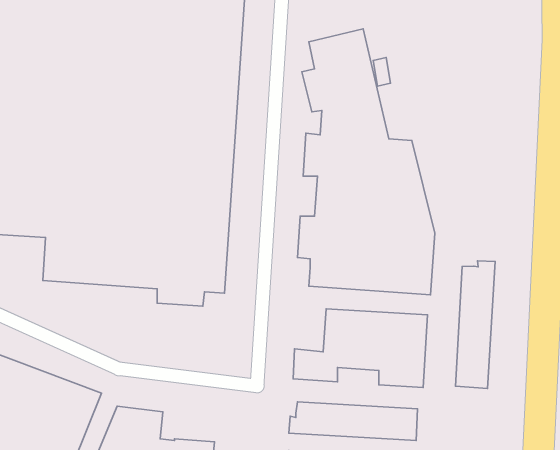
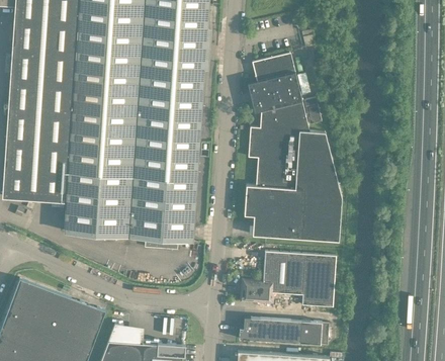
building: [456,261,495,388] -> none

